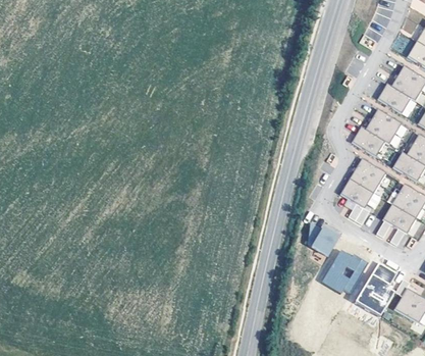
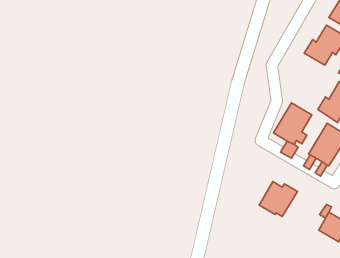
building: [352,109,402,157] -> none
building: [308,224,339,258] -> none
building: [360,256,399,305] -> none

